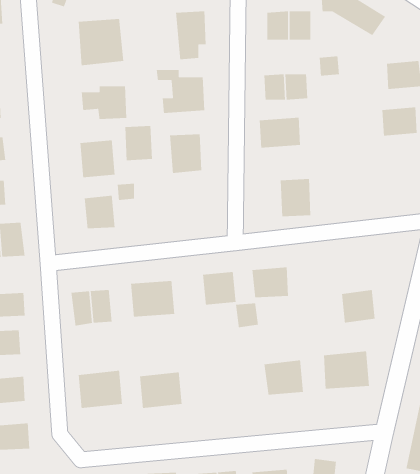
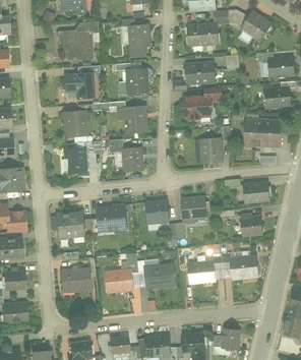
building: [124,125,153,161] -> [122,146,141,171]
building: none -> [244,116,282,144]
building: none -> [239,183,269,203]
building: none -> [145,260,178,289]

